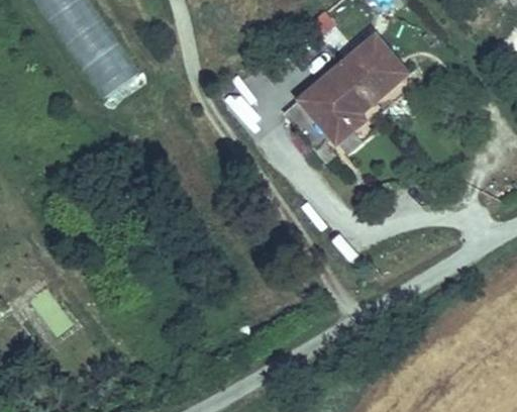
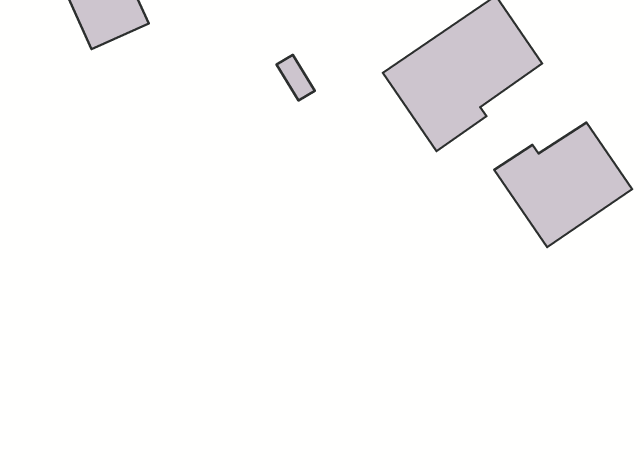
building: none -> [494,122,632,247]

